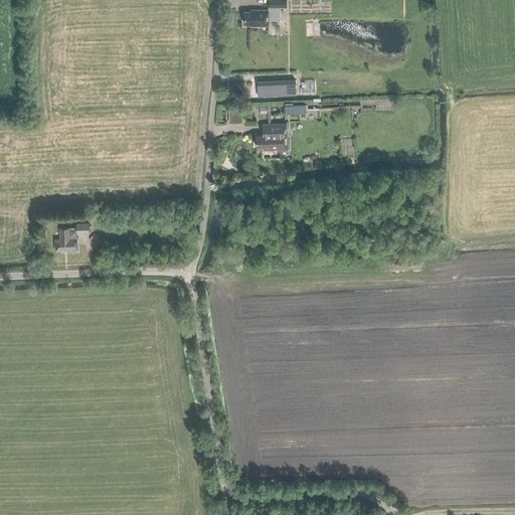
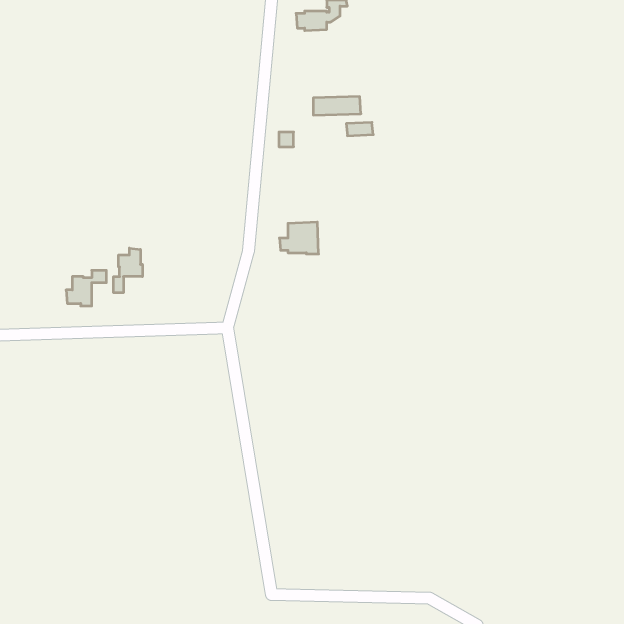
building: [253,126,286,152] -> [279,222,319,254]
building: none -> [114,248,142,293]

